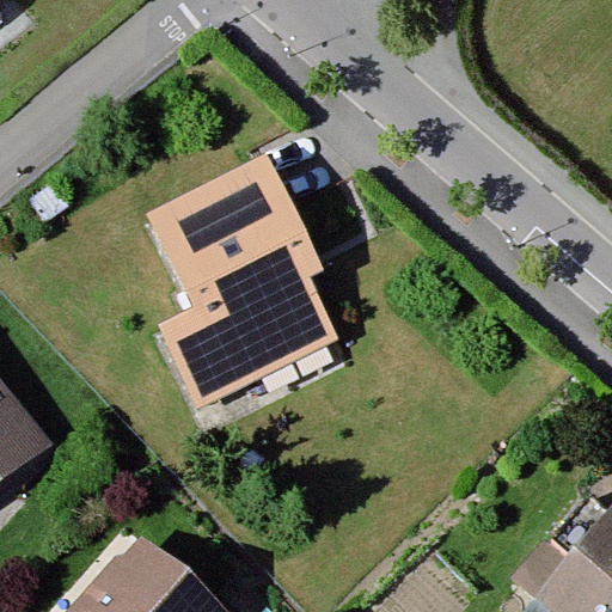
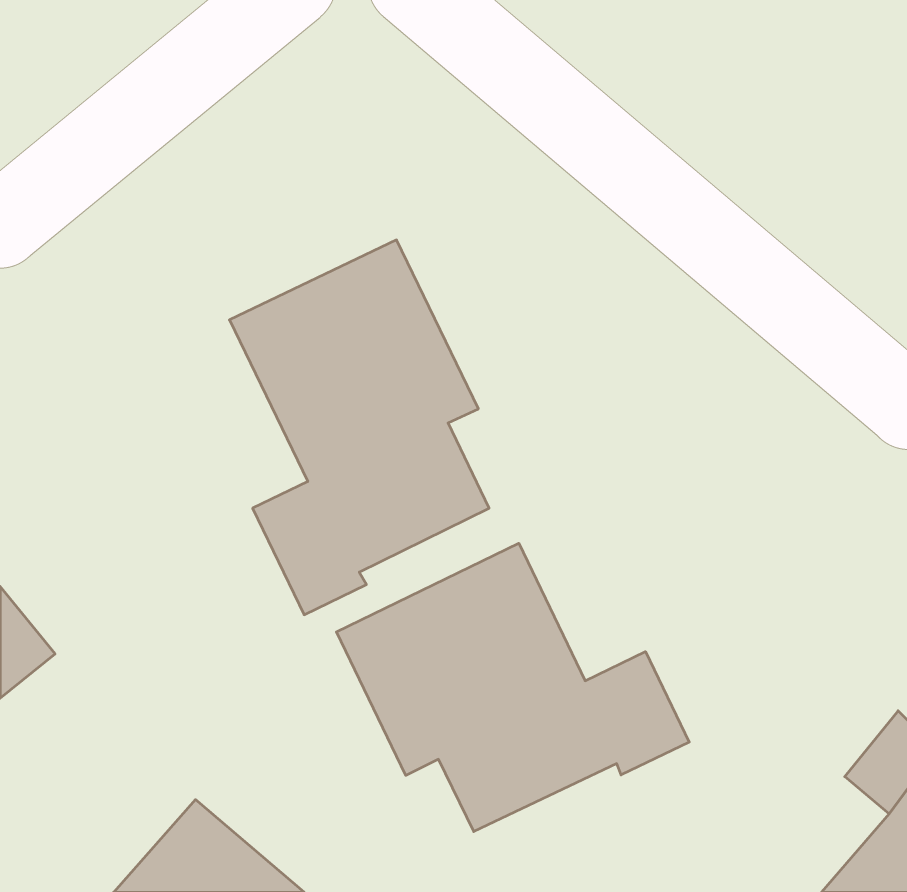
building: none -> [336,543,689,832]

